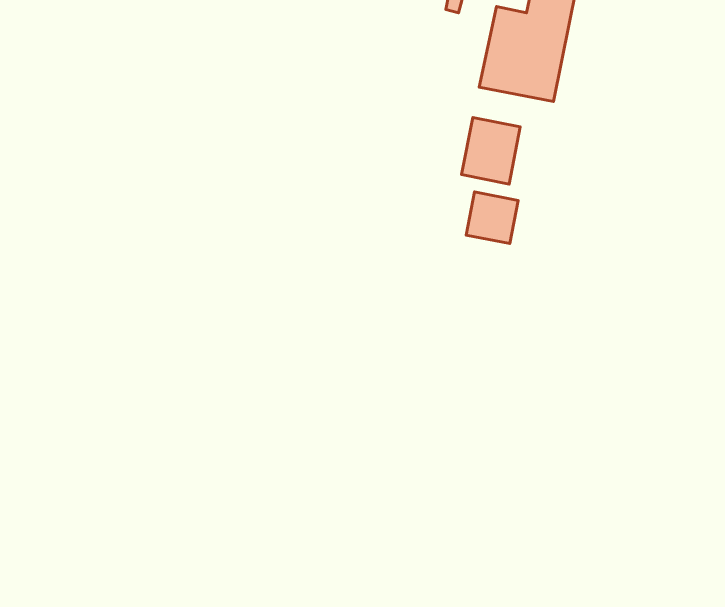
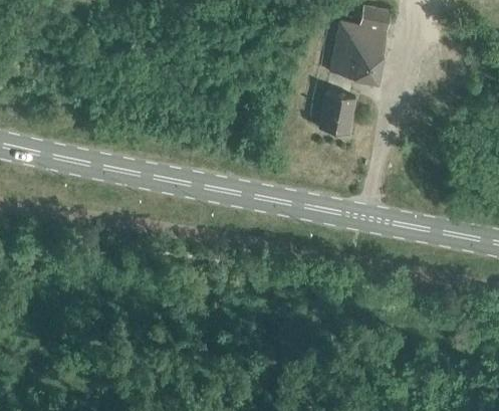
building: [466,192,518,244] -> none

